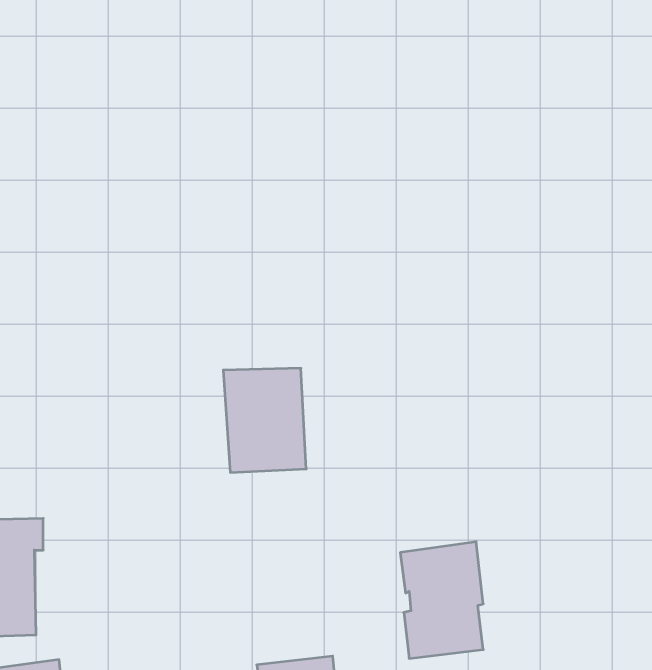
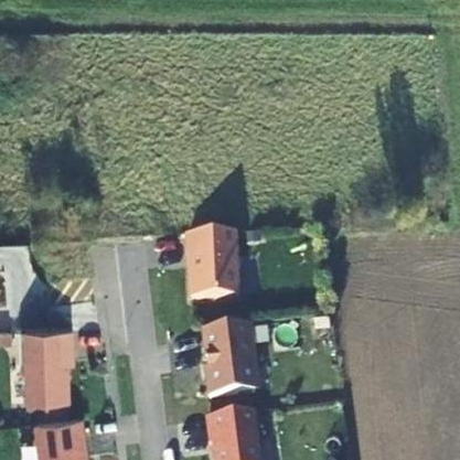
building: [400,542,483,658] -> [202,327,254,399]

